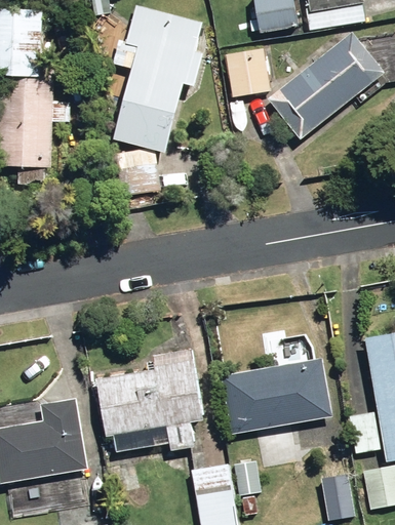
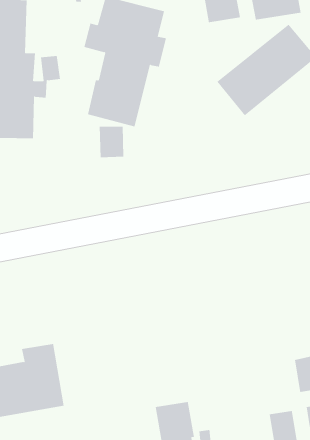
building: [216,51,262,98] -> none
building: [97,348,204,452] -> none
building: [221,356,333,435] -> none

